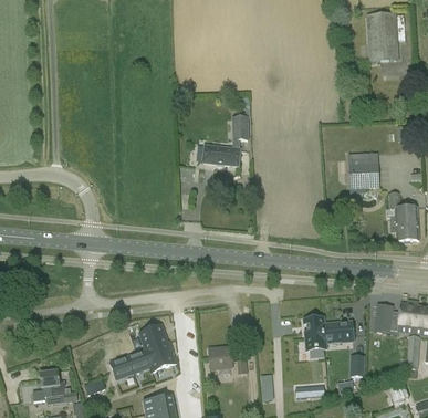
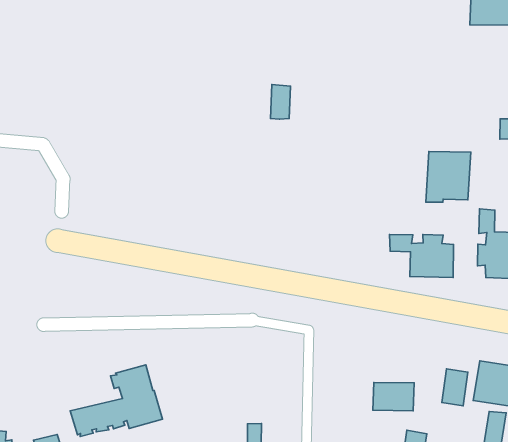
building: [202,145,240,166] -> none
building: none -> [390,234,454,278]
building: [303,315,326,351] -> none
building: [208,346,232,369] -> none

